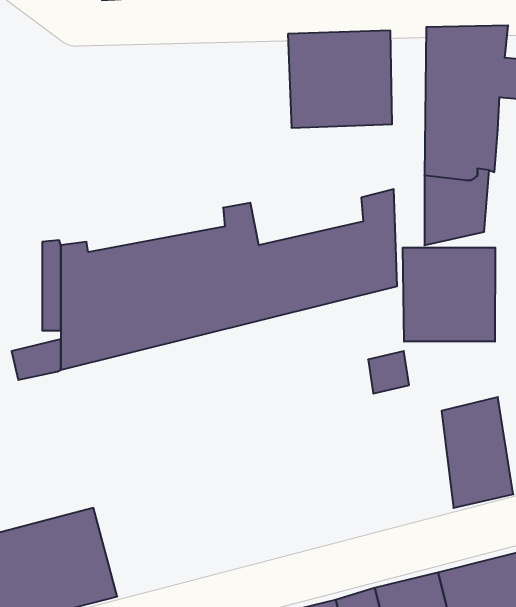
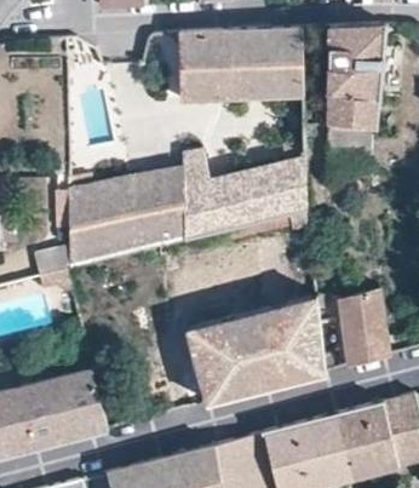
building: none -> [179,30,233,99]
building: [403,248,495,342] -> none
building: none -> [189,295,326,404]

